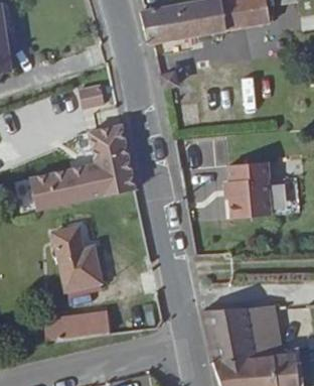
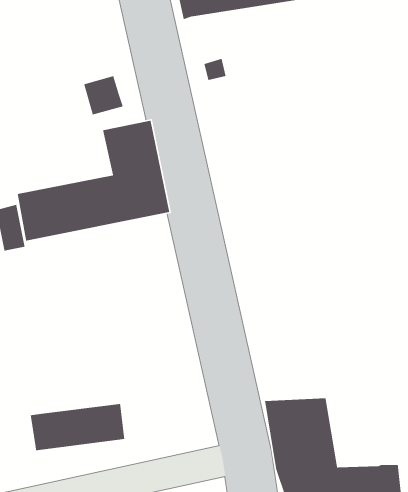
building: [231,163,272,220] -> none
building: [52,228,100,289] -> none
building: [249,307,287,357] -> none

